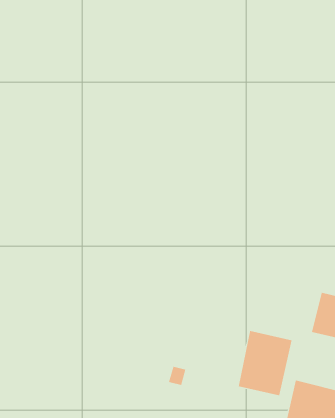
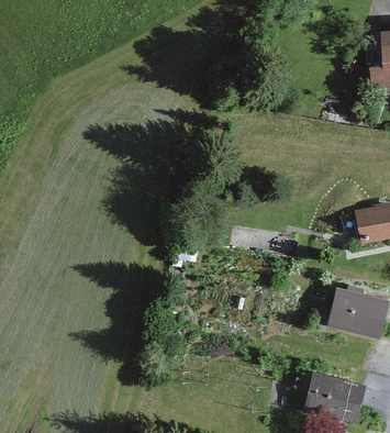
building: [238,330,292,396] -> none

